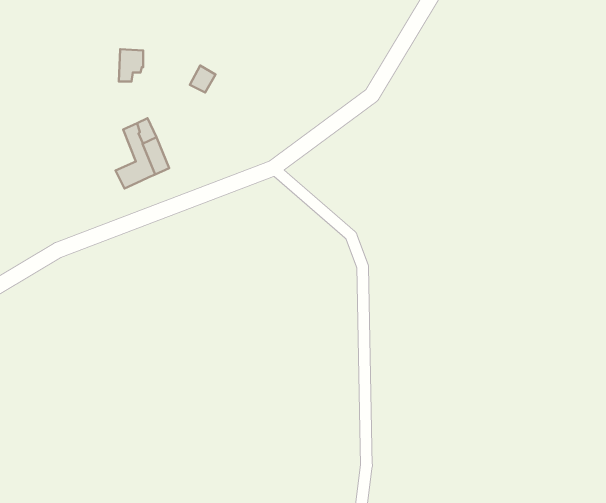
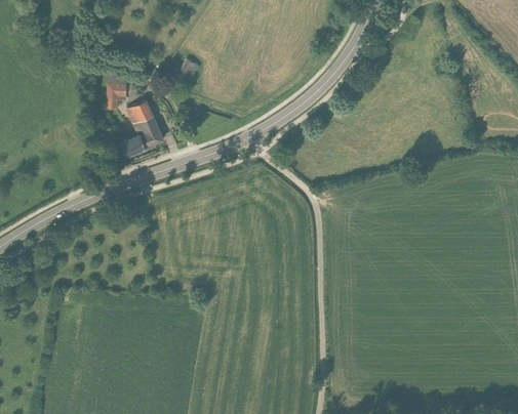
building: [119,49,143,81] -> [107,83,126,109]

